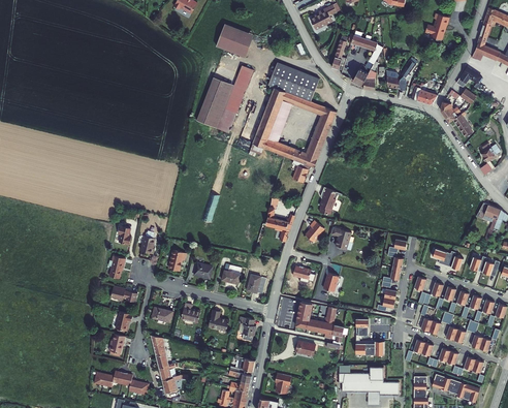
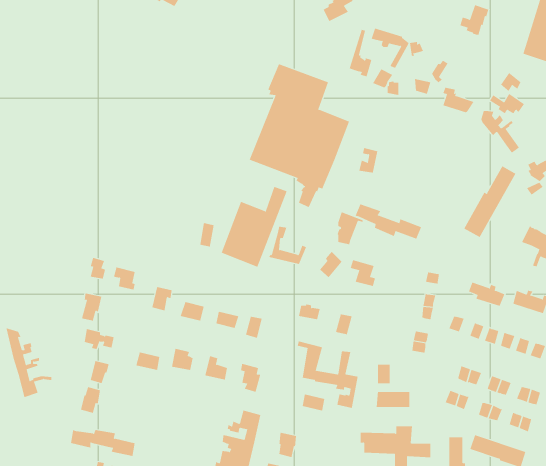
building: [217,23,254,56] -> none
building: [198,64,254,132] -> [221,186,287,268]
building: none -> [464,166,516,238]
building: none -> [355,203,422,239]
building: [152,333,191,391] -> [5,328,52,398]

